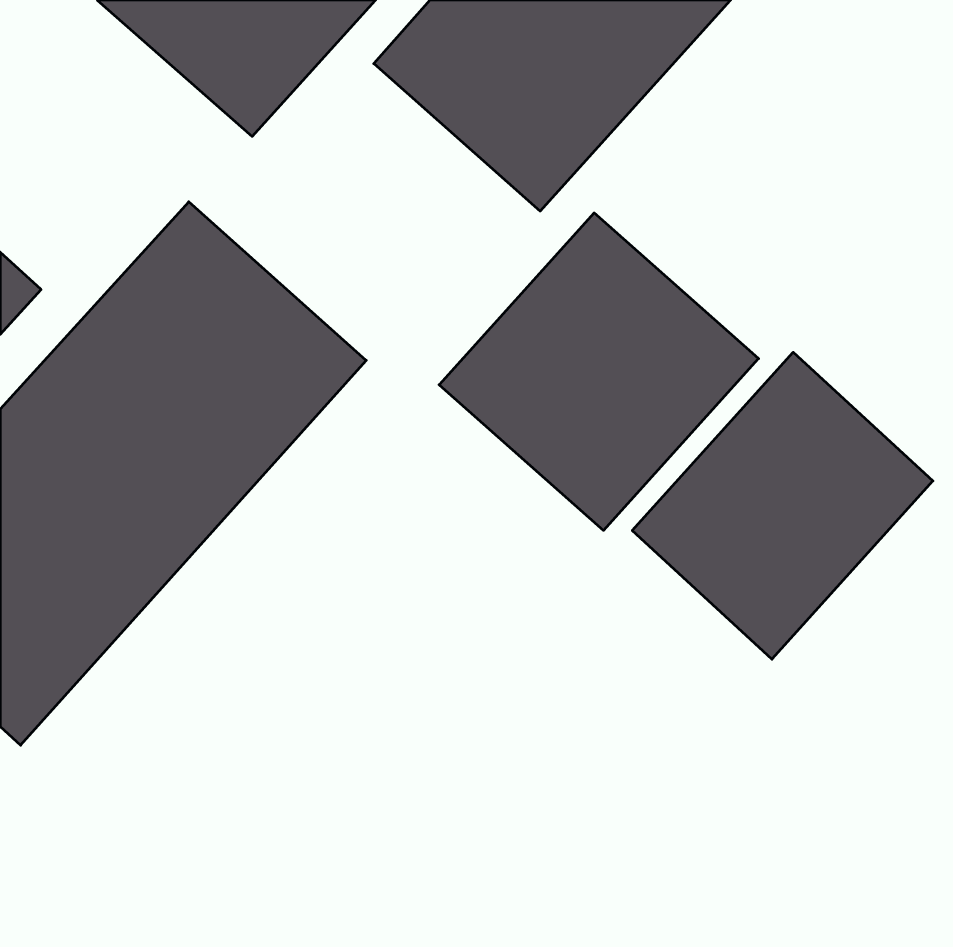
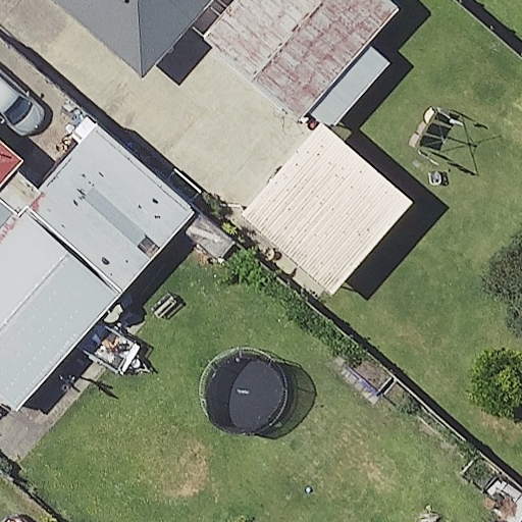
building: [632,352,933,659] -> none

